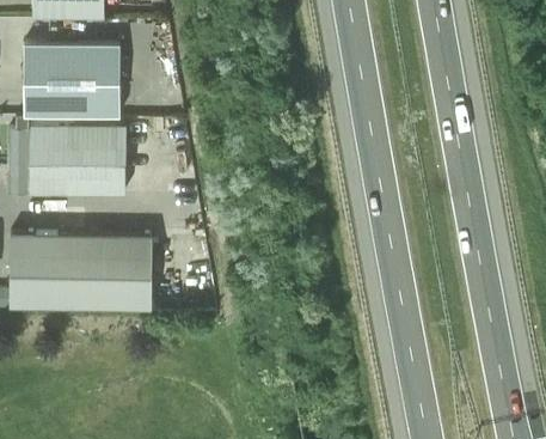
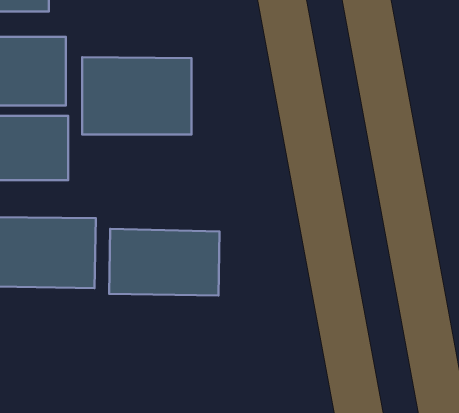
building: none -> [82,57,192,135]
building: none -> [109,229,219,295]

